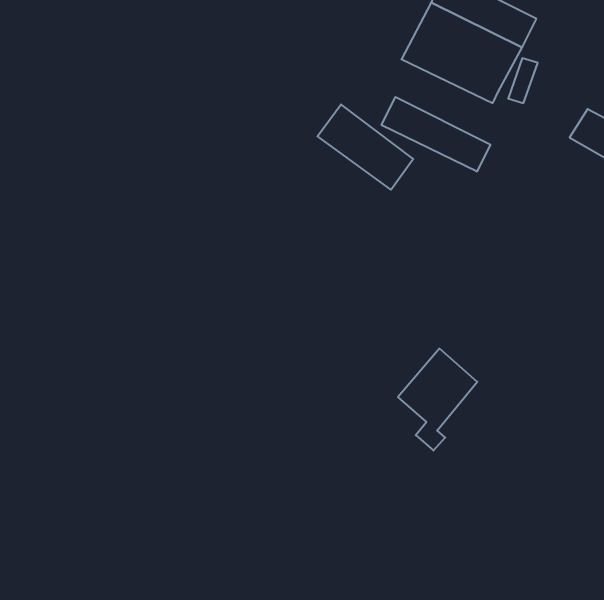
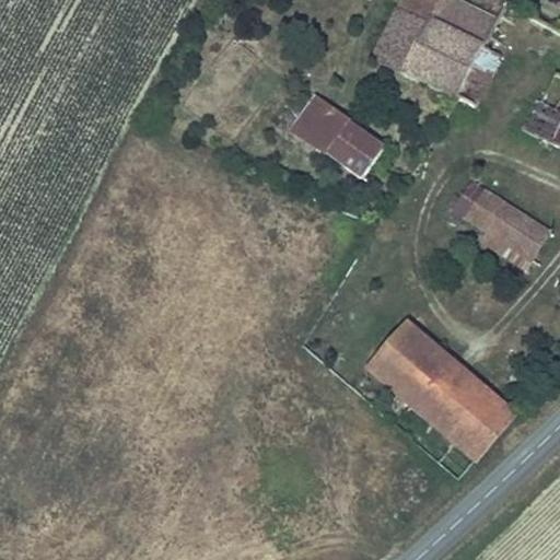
building: [382,97,490,172] -> none
building: none -> [454,182,546,262]
building: none -> [405,352,514,458]

